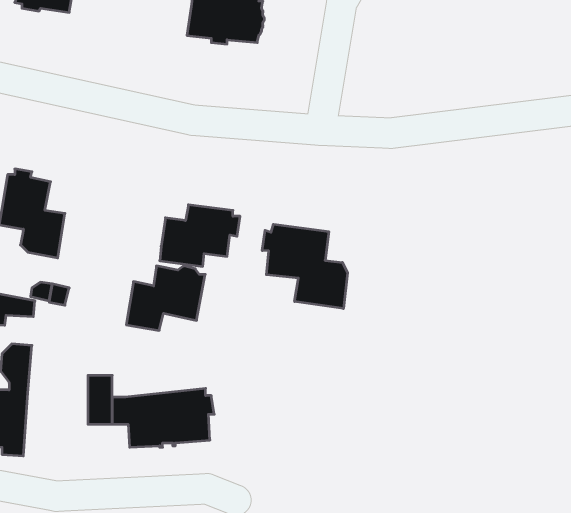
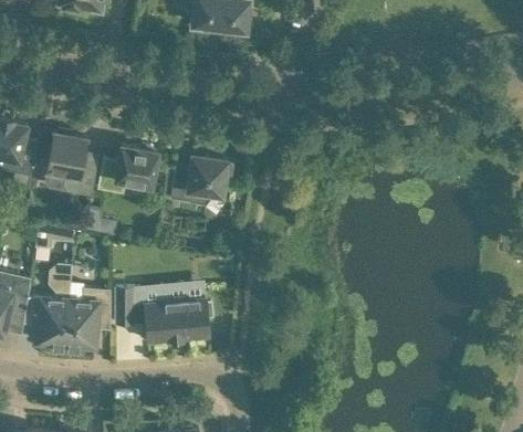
building: [262,224,348,309] -> none
building: [126,266,205,330] -> [97,147,158,197]
building: none -> [65,291,113,352]

